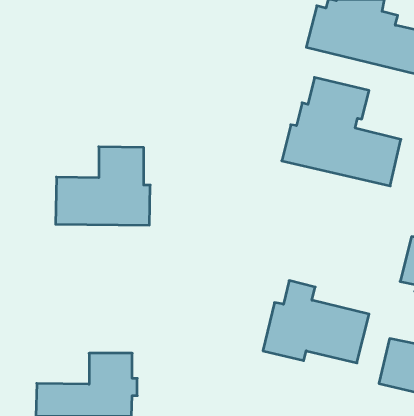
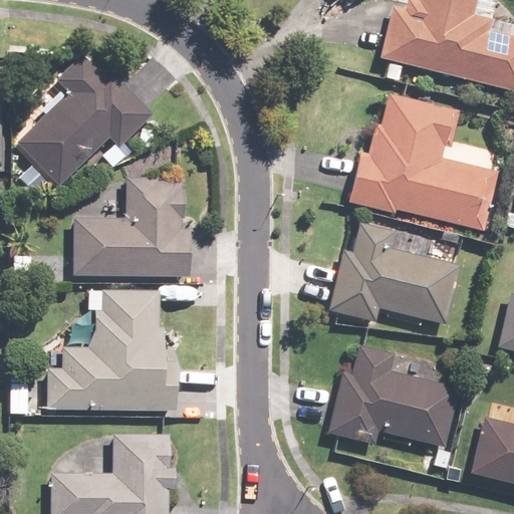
building: none -> [19,57,154,184]
building: none -> [329,225,457,324]
building: none -> [46,290,175,411]

